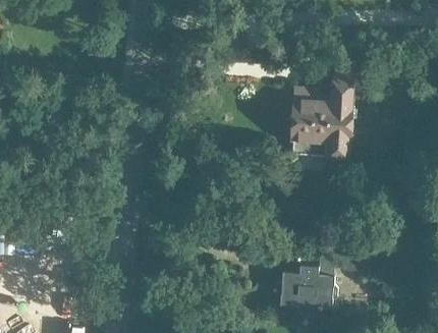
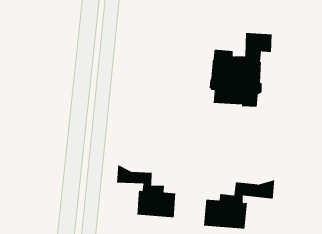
building: none -> [116,164,176,218]

